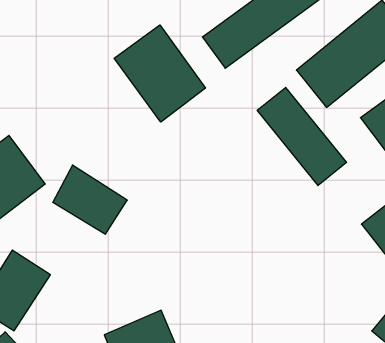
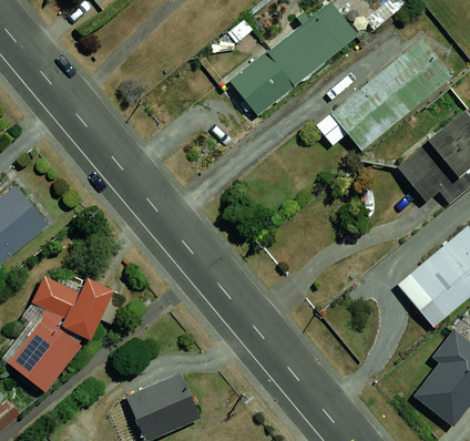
building: [114,25,205,122] -> none
building: [257,87,346,186] -> none
building: [53,165,127,234] -> [42,265,122,339]

